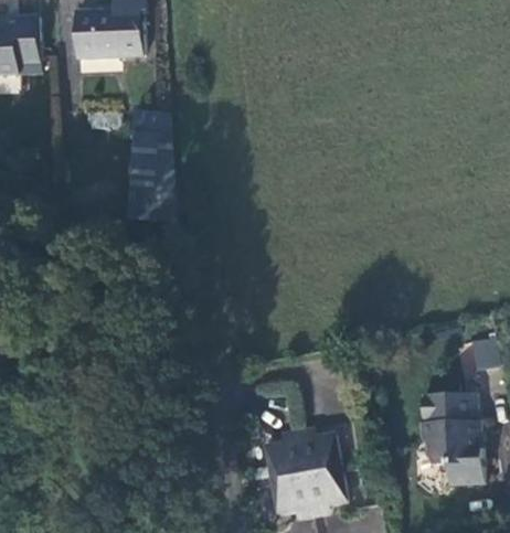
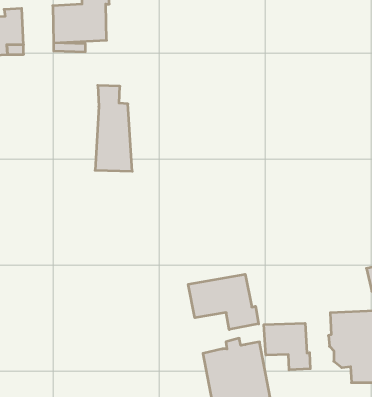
building: none -> [188,274,259,330]
building: none -> [264,323,310,370]

